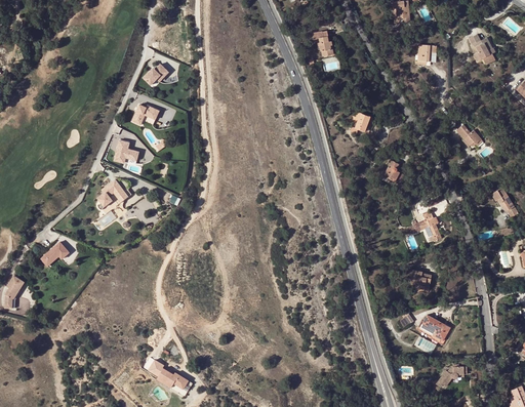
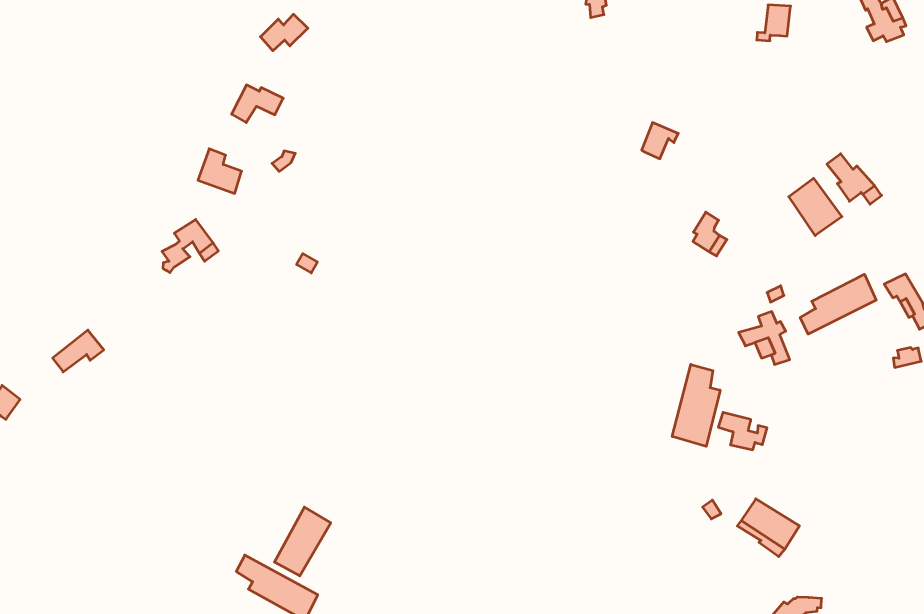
building: none -> [789,178,842,236]
building: none -> [800,274,876,334]
building: none -> [672,364,720,446]
building: none -> [274,507,331,576]

